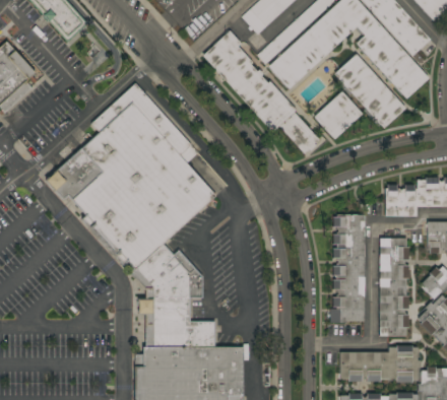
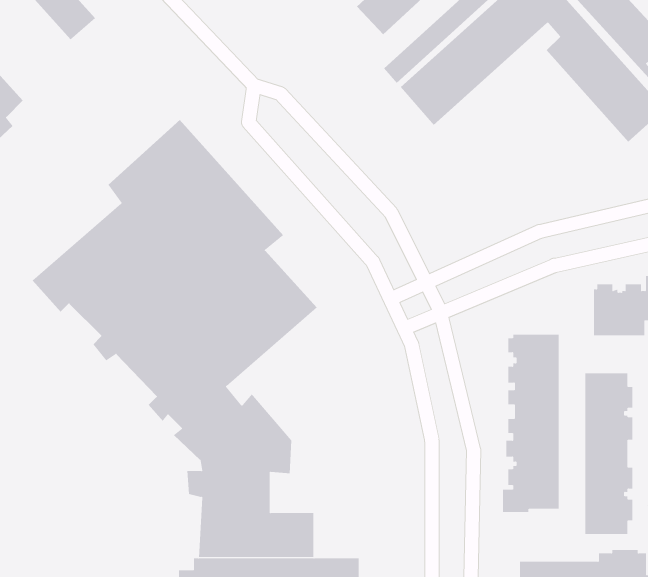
building: [202,29,321,154] -> none
building: [334,53,405,127] -> none
building: [314,90,363,139] -> none

